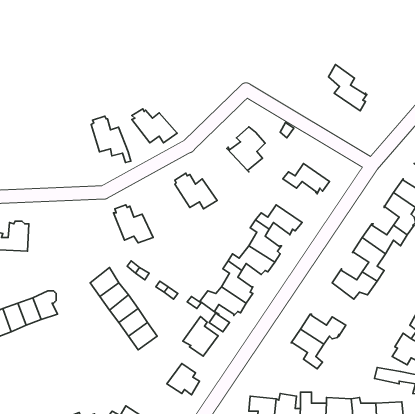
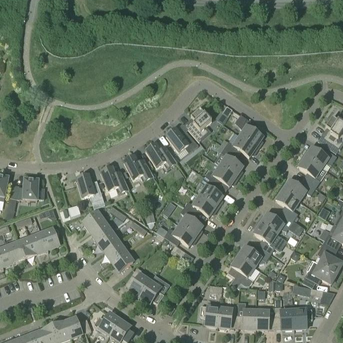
building: [329,64,367,111] -> [235,114,263,148]
building: [132,109,177,143] -> [165,127,198,152]
building: [91,116,131,163] -> [76,172,105,206]
building: none -> [219,146,243,178]
building: none -> [123,154,153,181]
building: none -> [253,222,277,253]
building: [183,317,218,356] -> [124,267,150,296]

